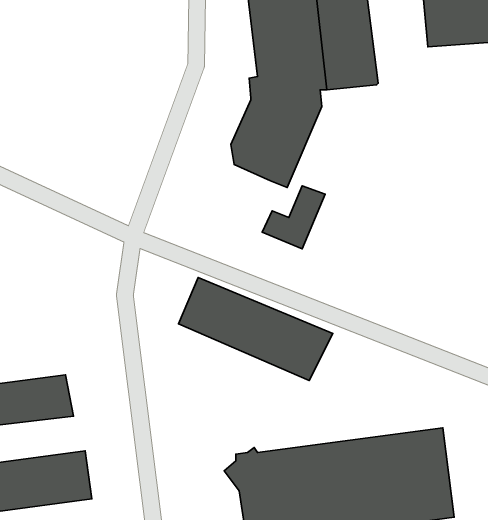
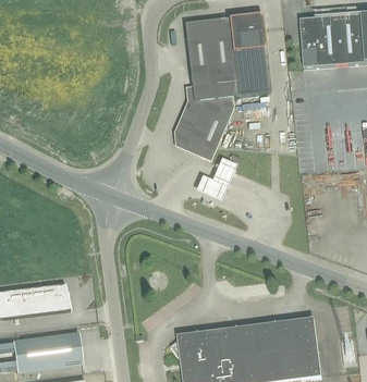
building: [178,277,333,381] -> none

